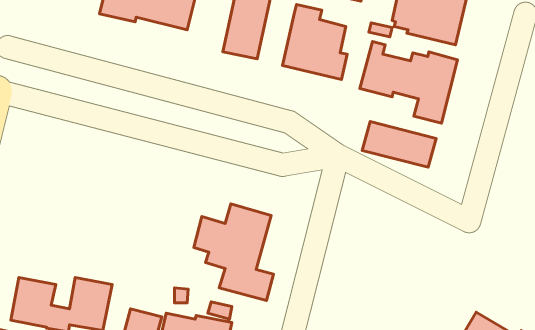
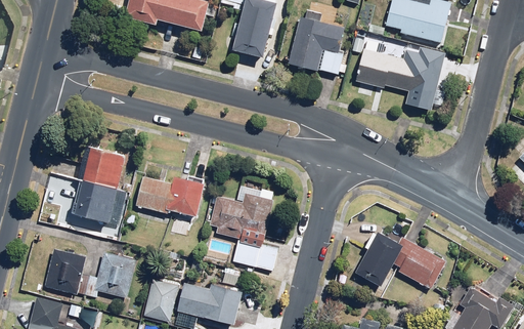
building: [362,122,436,167] -> none
building: none -> [74,146,131,223]
building: none -> [135,175,207,217]
building: none -> [353,230,445,290]

